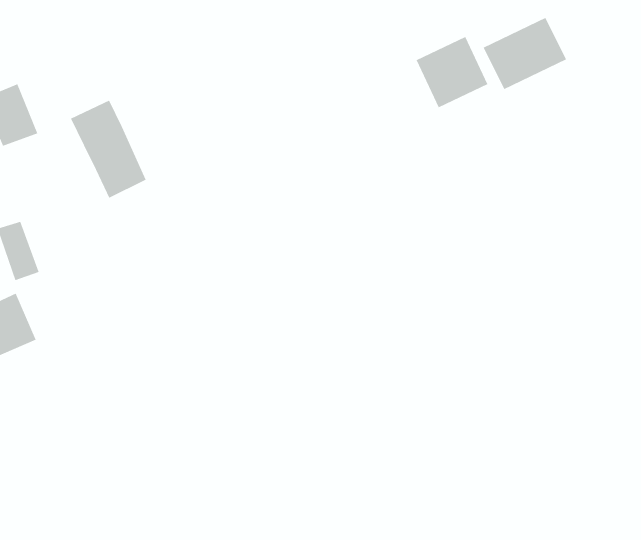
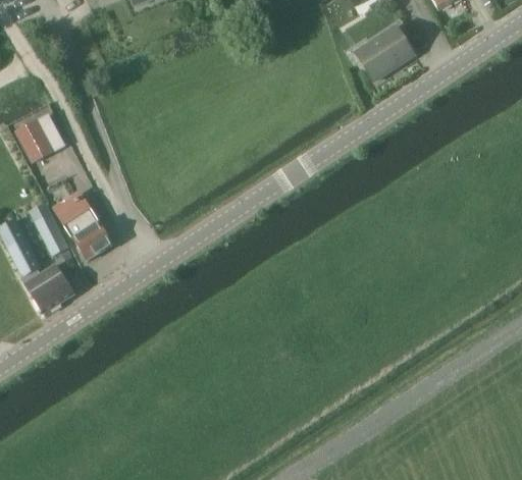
building: [416,36,488,108] -> none
building: [70,100,147,199] -> [53,191,111,259]

